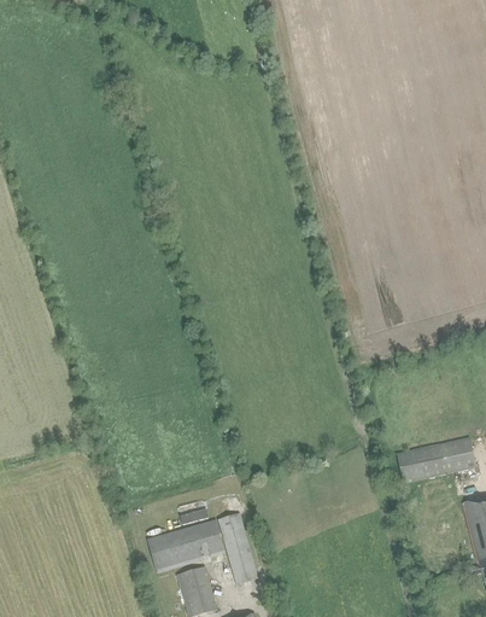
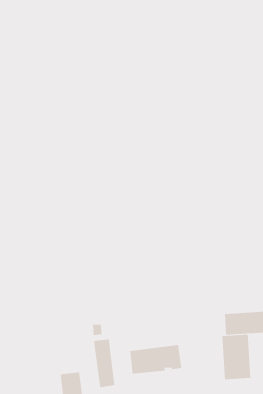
building: none -> [222,334,251,380]
building: [146,519,224,571] -> [129,345,182,374]

